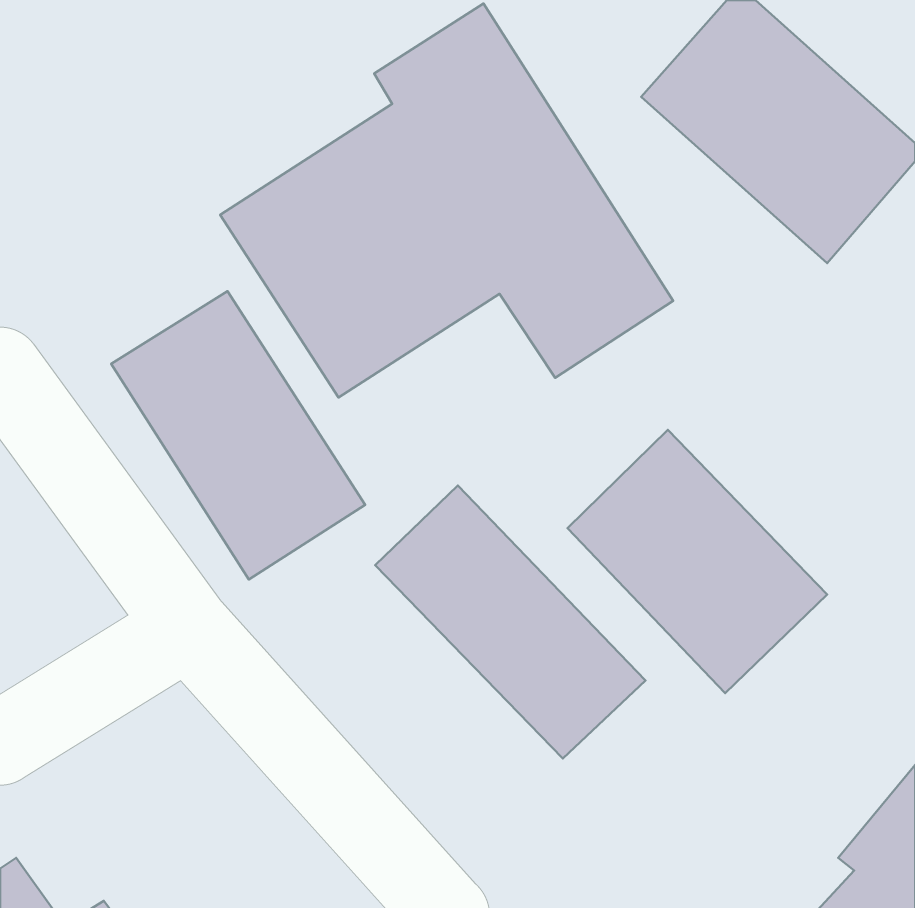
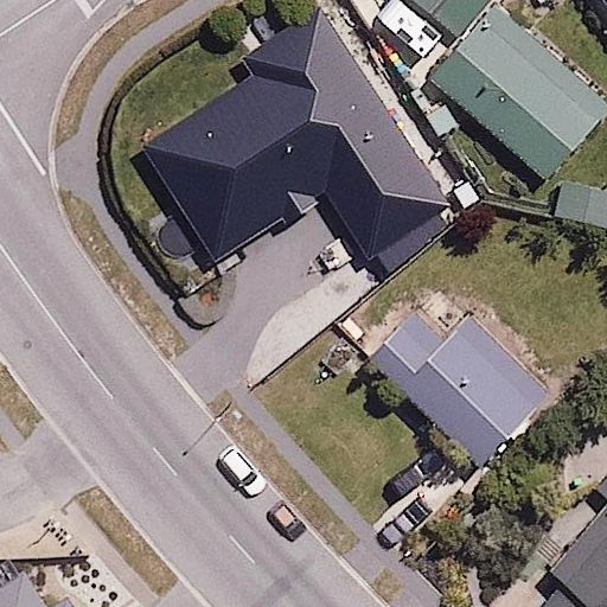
building: [111,291,365,579] -> none
building: [375,486,646,758] -> none

